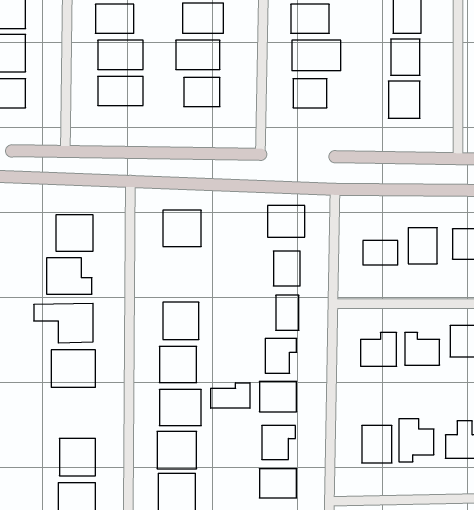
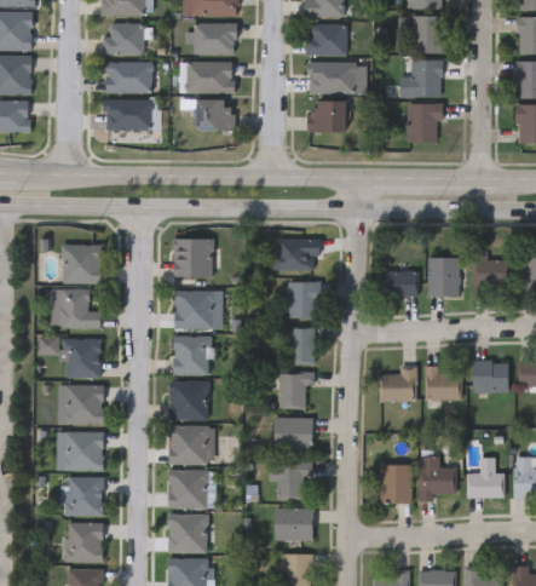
building: none -> [173,288,223,328]
building: [211,383,250,408] -> none
building: none -> [57,430,103,470]

